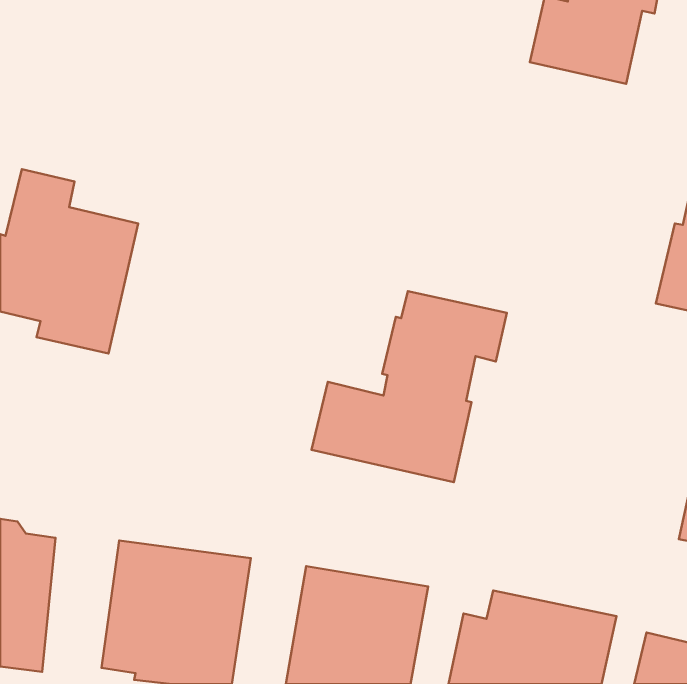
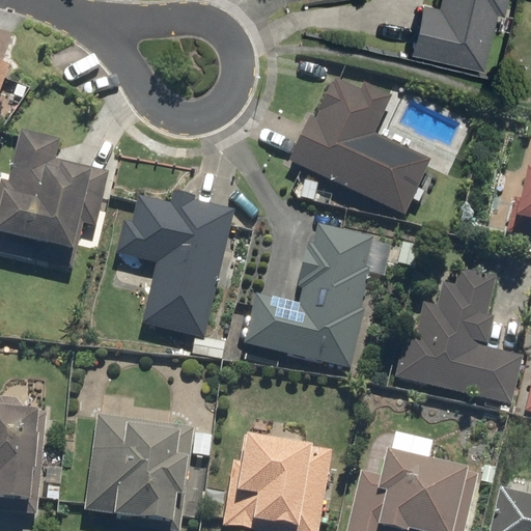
building: none -> [286,75,435,219]
building: none -> [116,191,231,338]
building: none -> [394,269,525,407]

